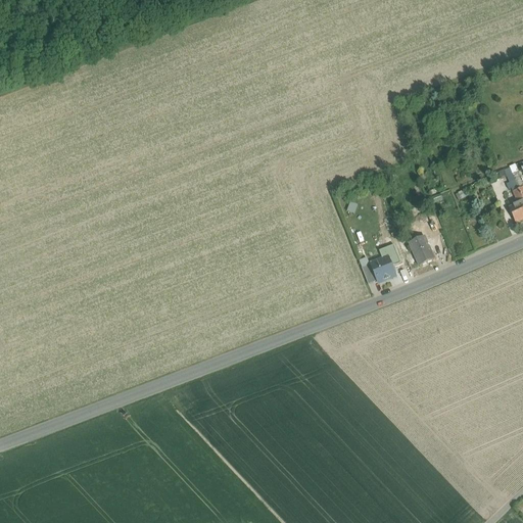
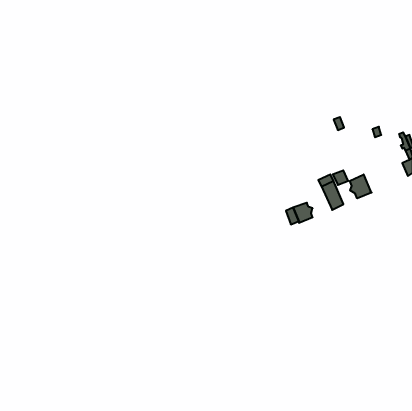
building: none -> [350,174,372,198]

